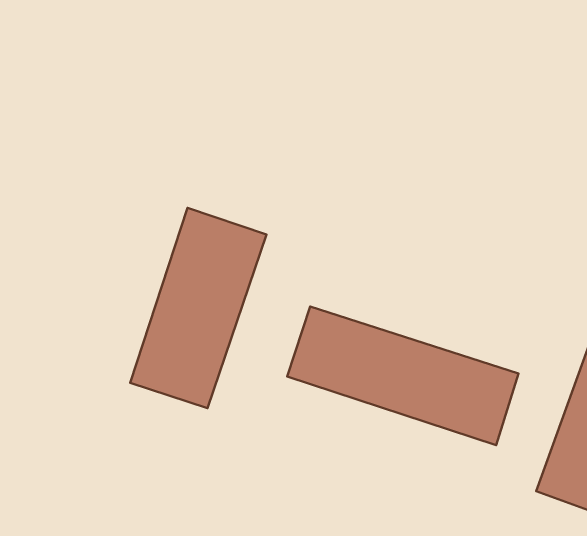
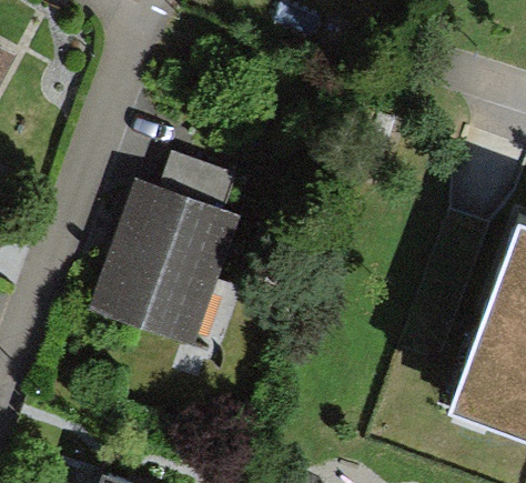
building: [287,307,519,445] -> none

